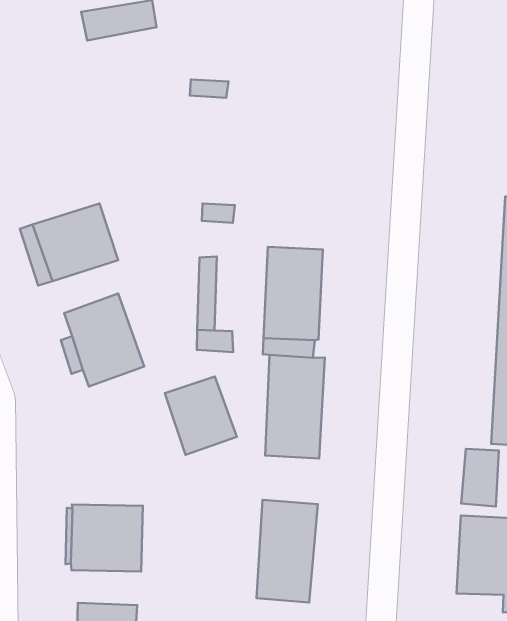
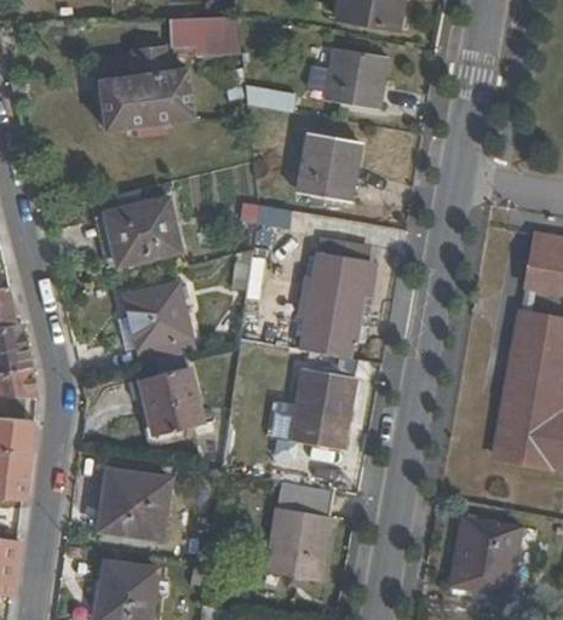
building: none -> [326,52,384,109]
building: none -> [98,47,190,127]
building: none -> [299,137,358,203]
building: [165,377,237,455] -> [139,367,200,435]
building: [461,449,499,506] -> none

